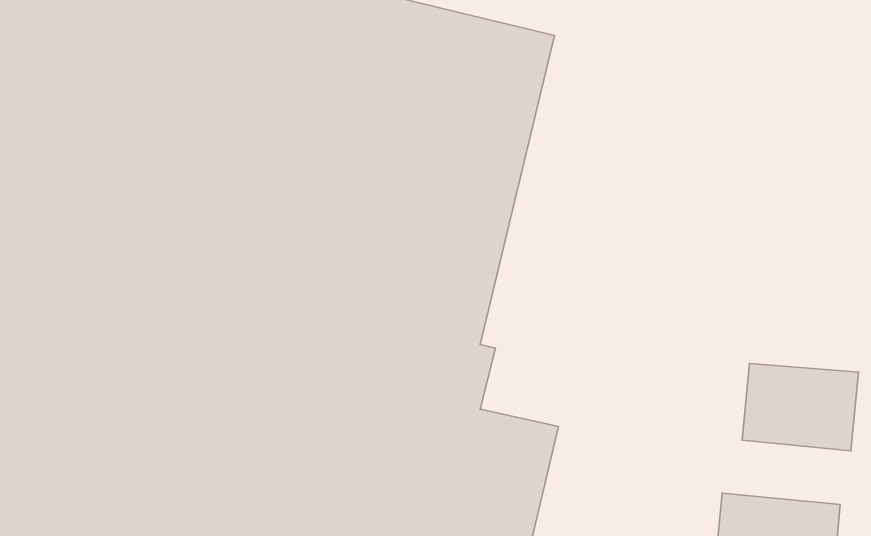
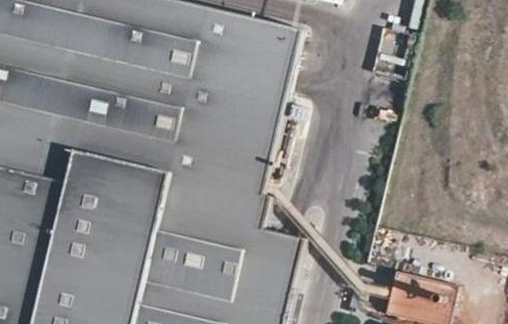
building: [742,363,859,451] -> none

